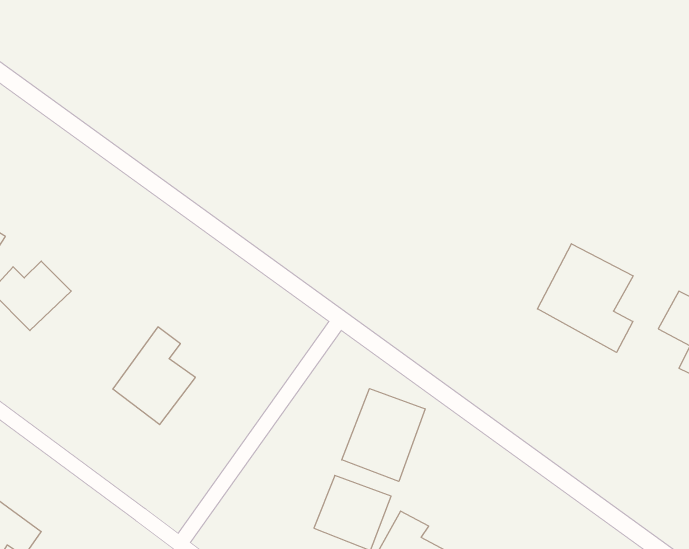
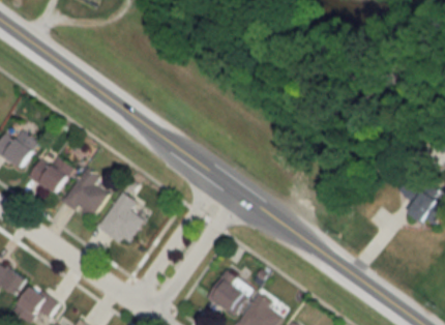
building: [537,244,633,352] -> none
building: none -> [62,167,107,219]
building: [342,389,425,481] -> none

